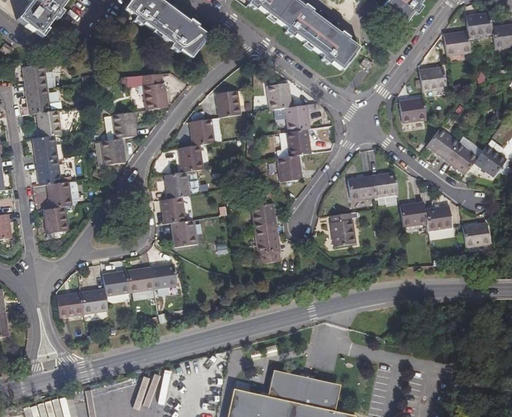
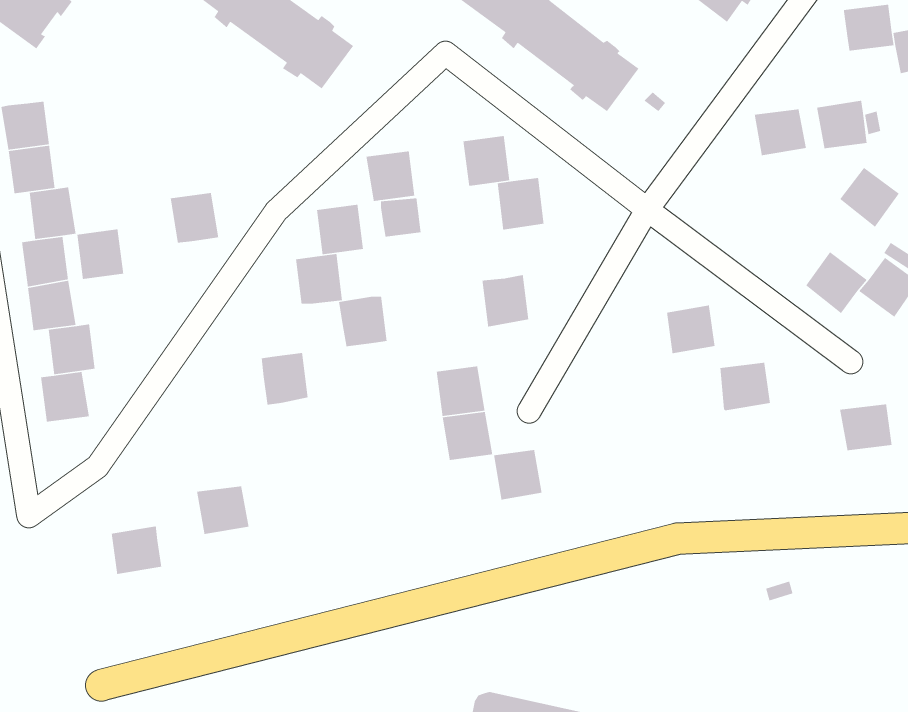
building: [444,31,471,57] -> [816,100,868,149]
building: [141,82,167,110] -> none
building: [399,99,427,124] -> none
building: none -> [380,198,421,238]
building: [285,129,310,157] -> none
building: [427,129,459,161] -> [839,167,900,228]
building: [102,138,127,165] -> [76,228,124,280]
building: [163,171,189,198] -> [338,296,388,347]
building: [348,175,376,201] -> none
building: [426,205,453,230] -> none
building: [171,219,196,247] -> none
building: [331,220,357,247] -> [493,449,543,501]
building: [150,263,177,288] -> none
building: [103,269,130,295] -> none
building: [57,291,84,316] -> none

